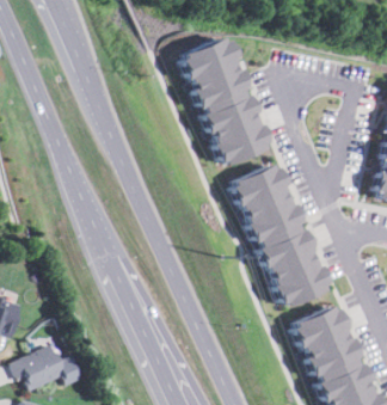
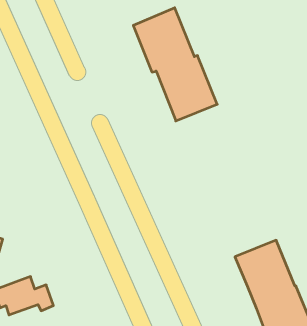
building: [231,162,330,307] -> none

